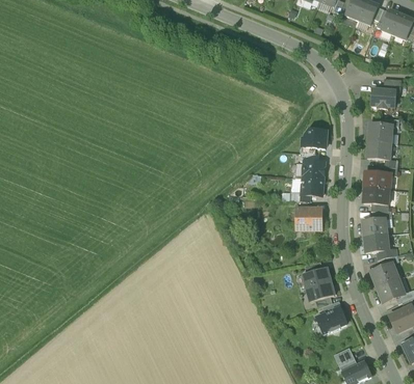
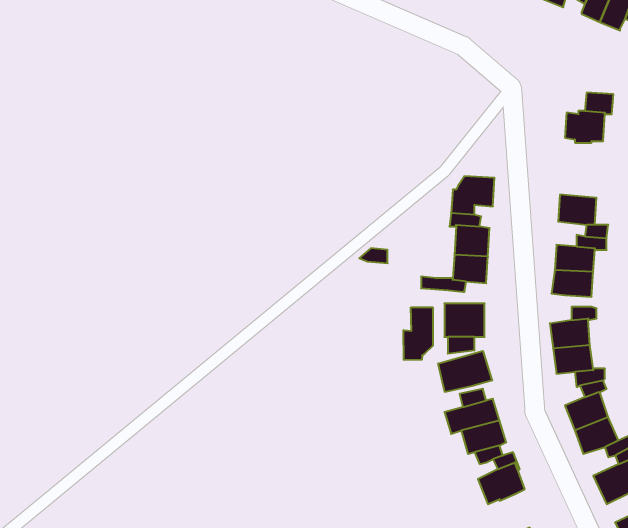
building: [367,117,398,142] -> none
building: none -> [404,307,433,360]
building: none -> [438,351,492,392]

